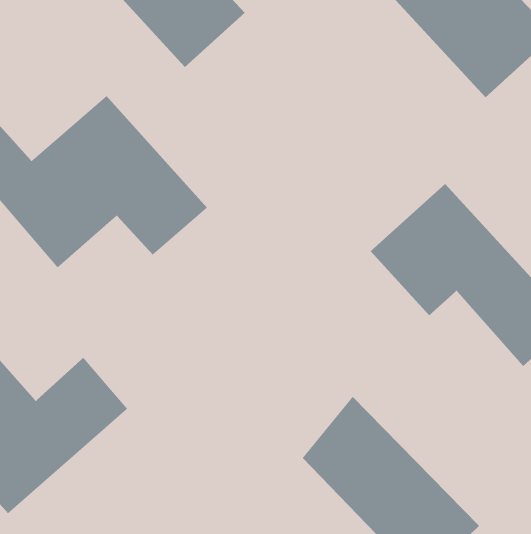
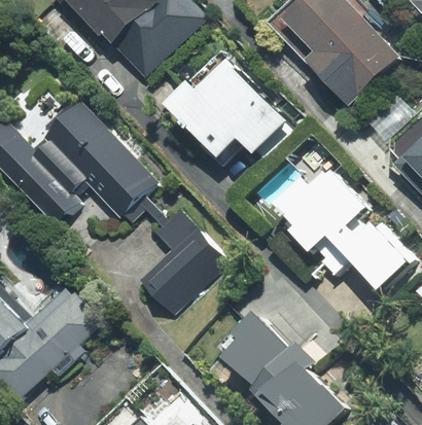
building: none -> [167,65,297,163]
building: none -> [134,225,223,313]

